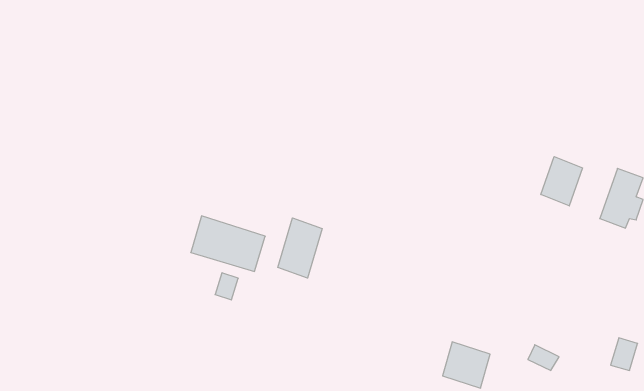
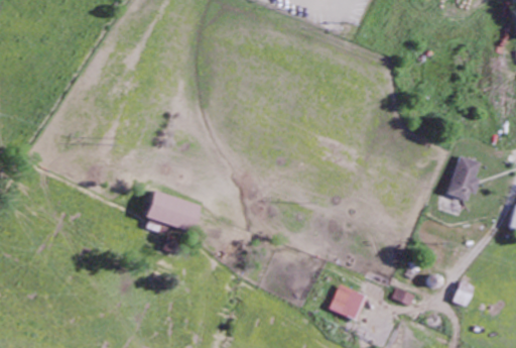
building: [541,157,583,206] -> none
building: [278,218,322,278] -> none

